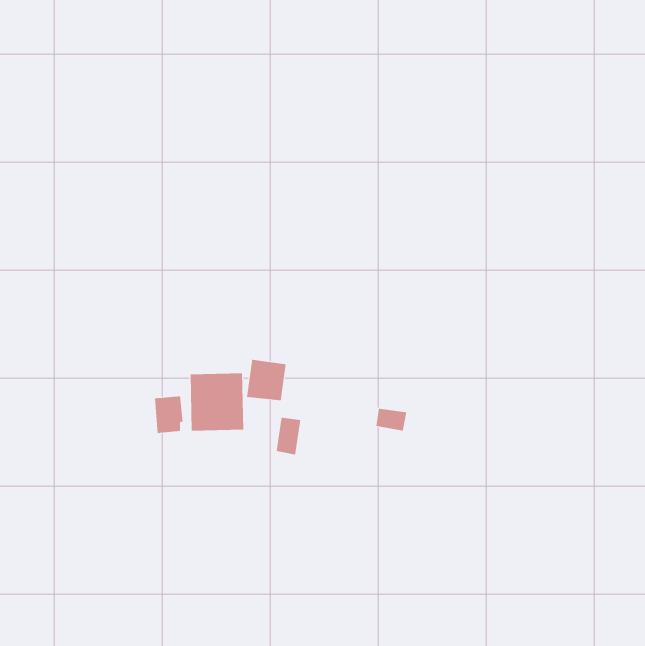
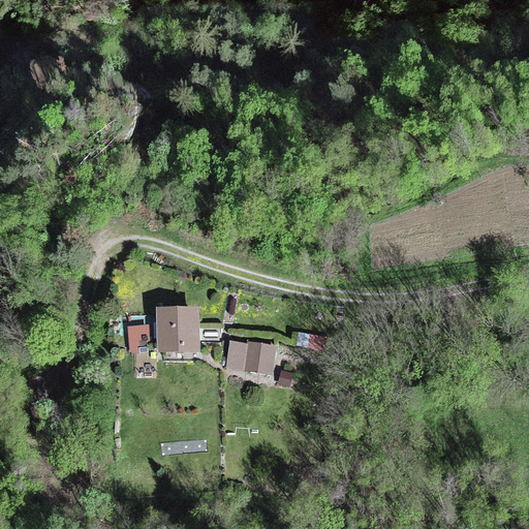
building: [246,359,287,401] -> [242,341,275,375]

